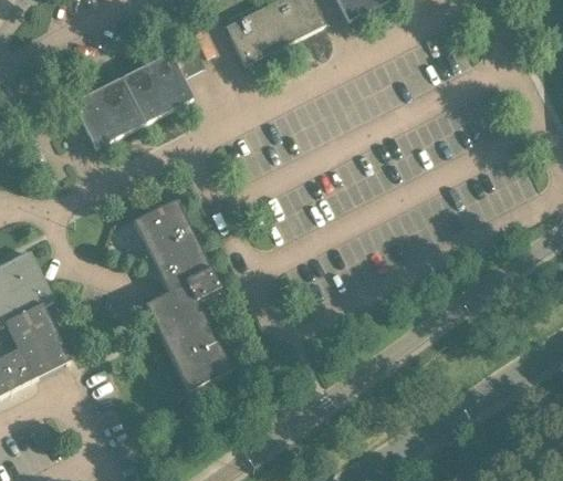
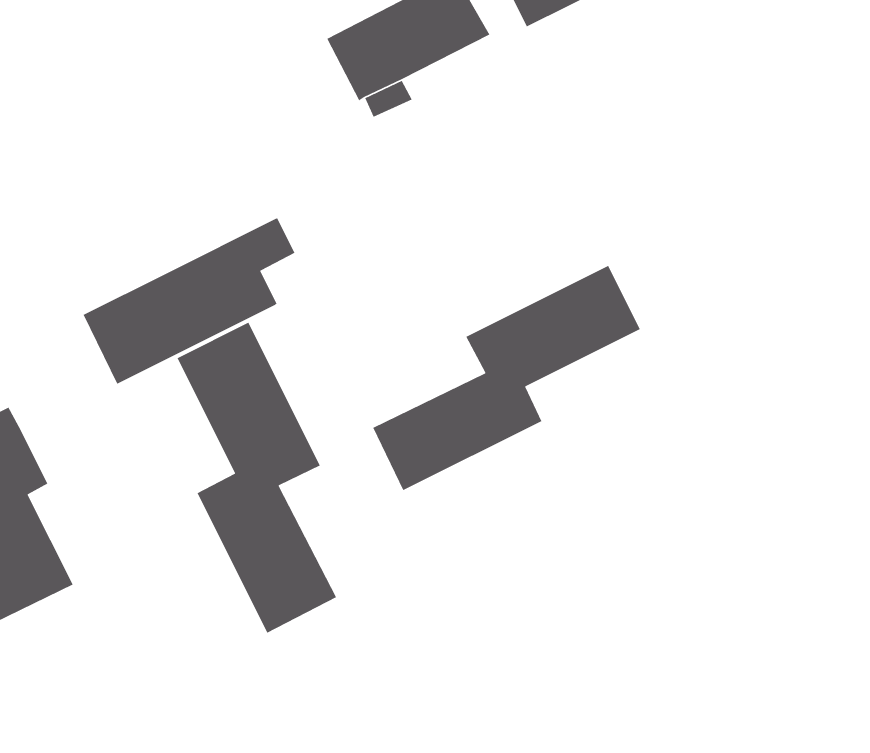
building: [73,43,204,146] -> [82,217,295,385]
building: none -> [372,265,641,491]

